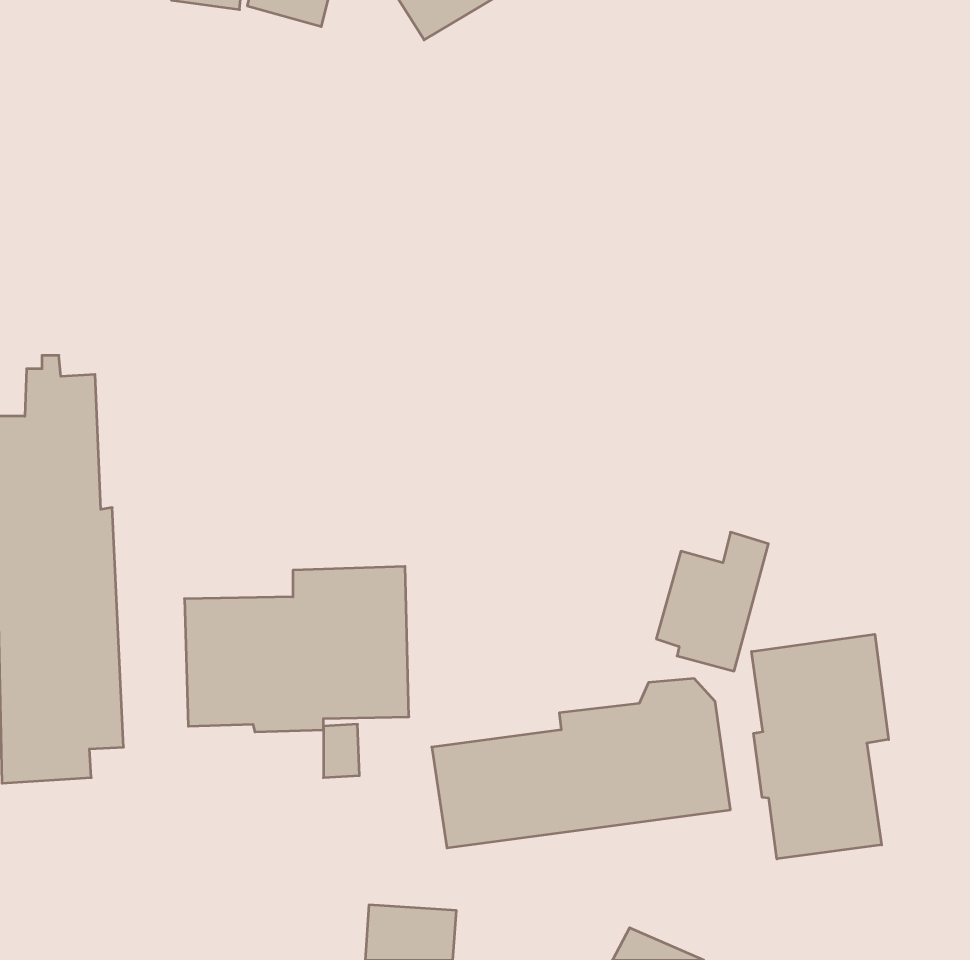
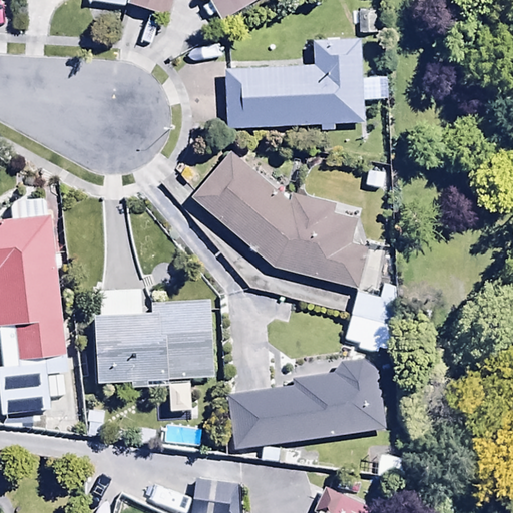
building: none -> [223,38,381,130]
building: none -> [191,151,369,289]
building: [752,634,889,859] -> none

